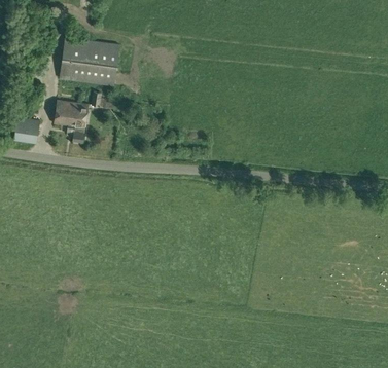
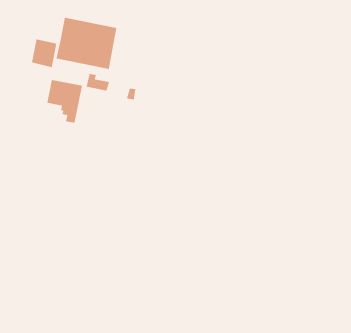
building: [14,115,39,143] -> [31,39,57,68]

